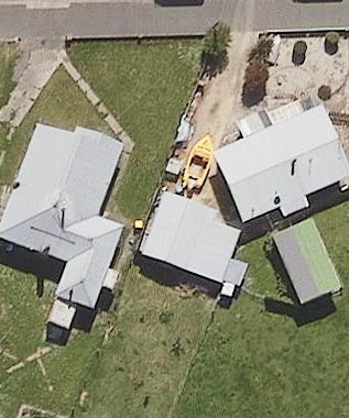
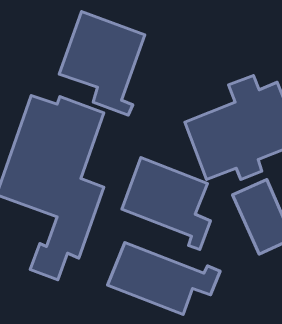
building: none -> [59,11,145,115]
building: none -> [108,243,220,315]

